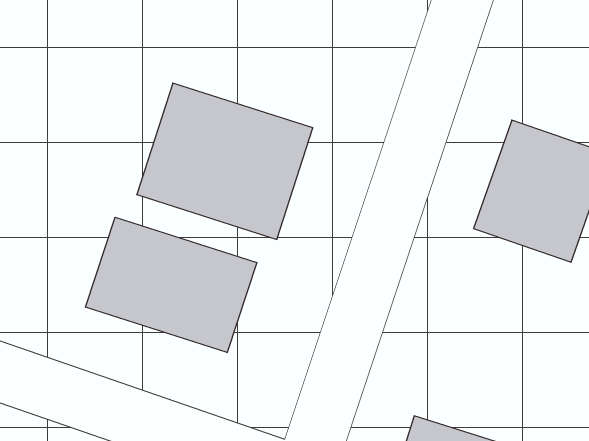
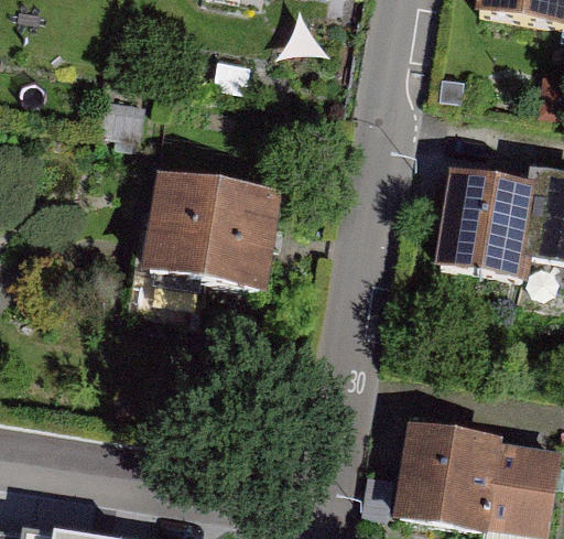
building: [86,217,257,353] -> none

